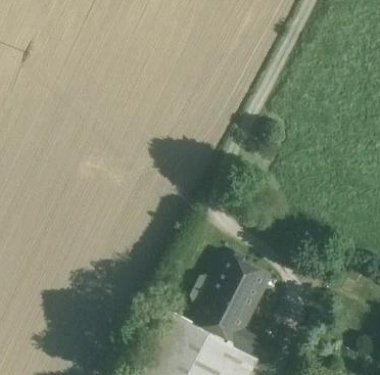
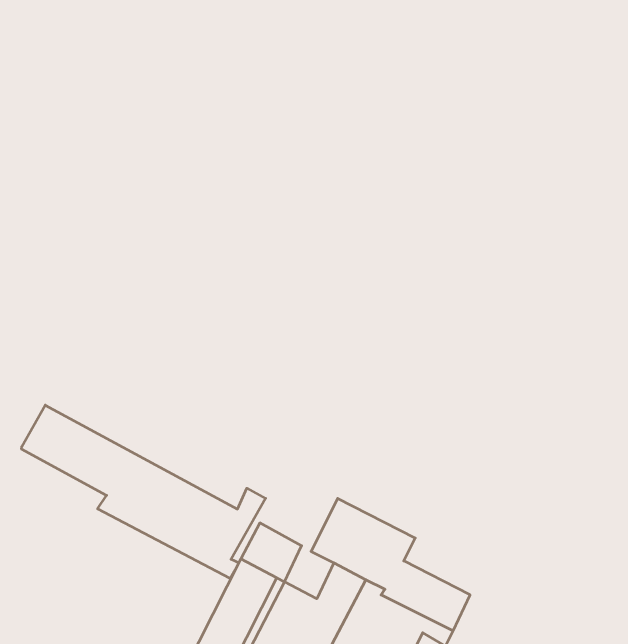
building: none -> [22,405,266,579]
building: [207,255,269,314] -> none

